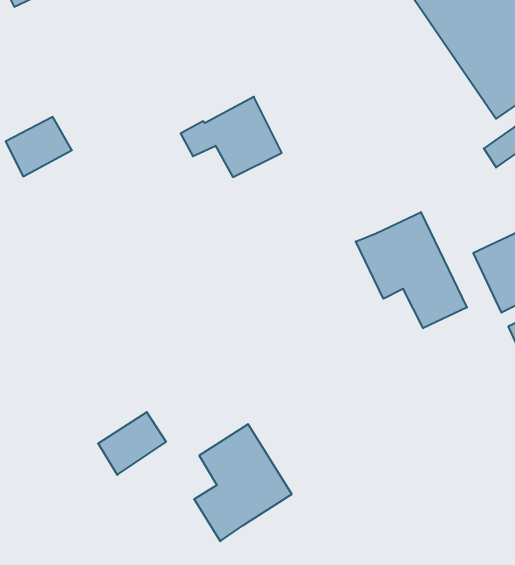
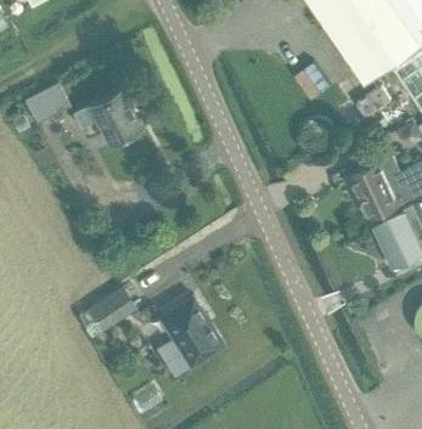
building: [181,97,282,177] -> [72,88,142,143]
building: [356,212,467,328] -> none

